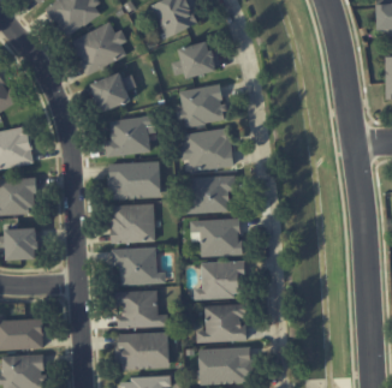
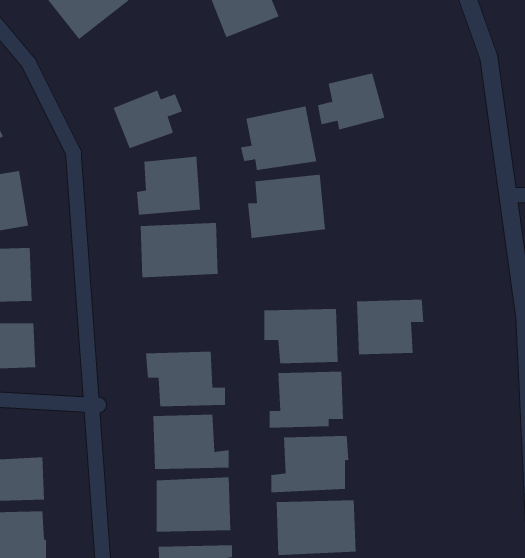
building: [70,23,126,74] -> none
building: [171,41,216,79] -> [317,73,385,130]
building: [190,175,236,213] -> [356,299,424,355]
building: [109,204,154,243] -> none

